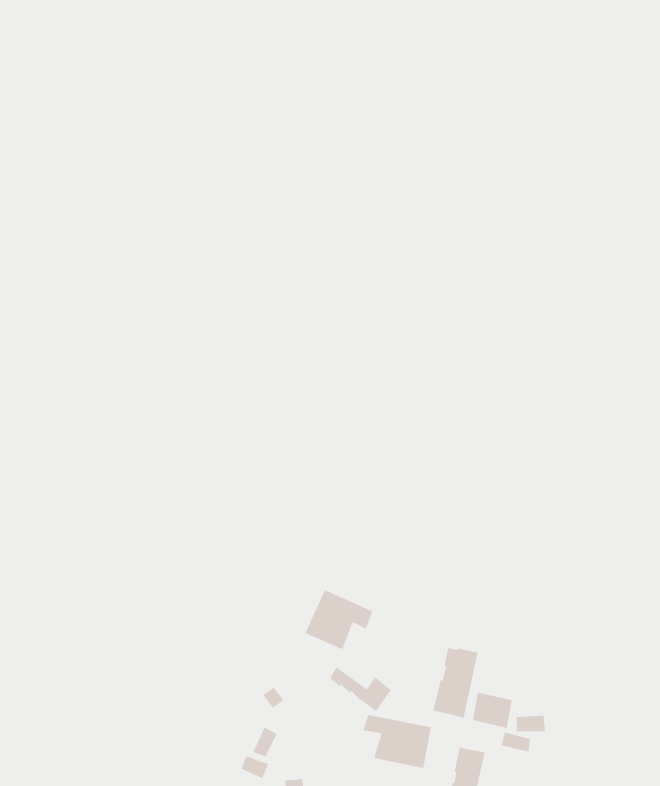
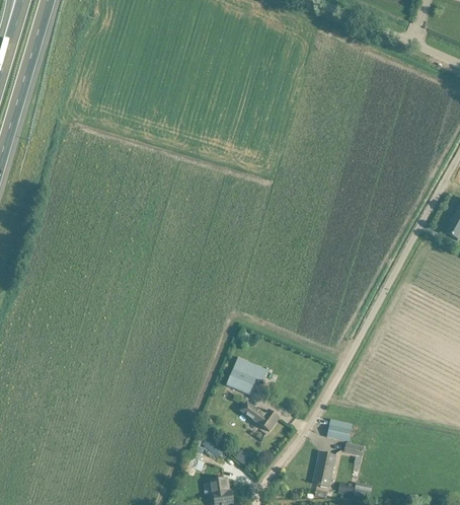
building: [433,647,478,719] -> none
building: [363,714,431,769] -> none

